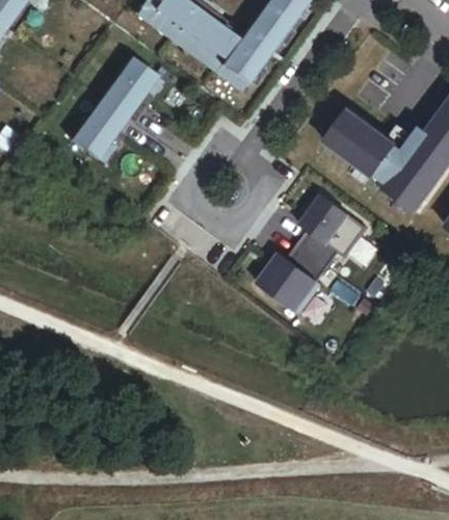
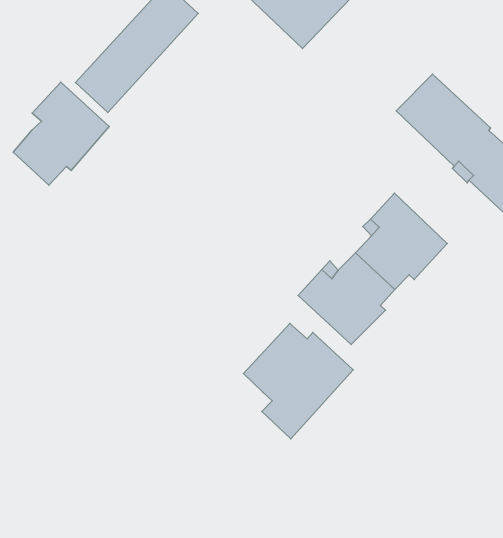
building: none -> [13,82,109,185]
building: none -> [243,324,353,439]

